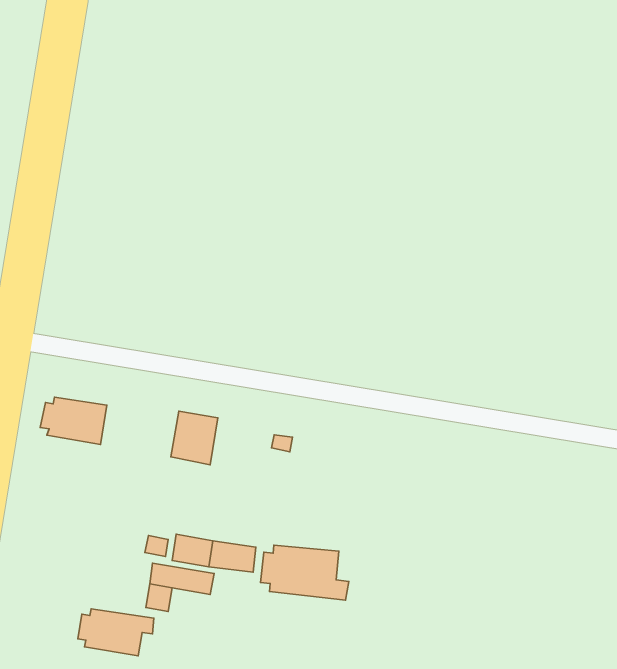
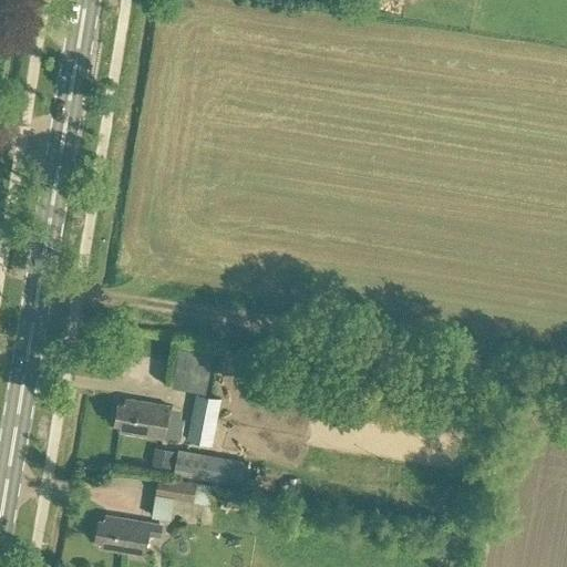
building: [40,397,107,444] -> [113,399,169,439]
building: none -> [189,394,219,444]
building: [261,545,349,600] -> none

